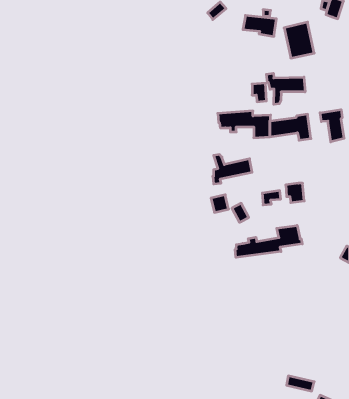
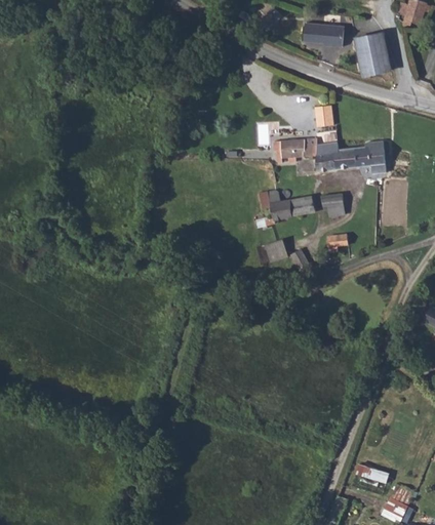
building: [266,73,305,104] -> none
building: [320,110,344,142] -> none
building: [286,183,304,203] -> [322,194,345,217]
building: [235,225,302,257] -> none

